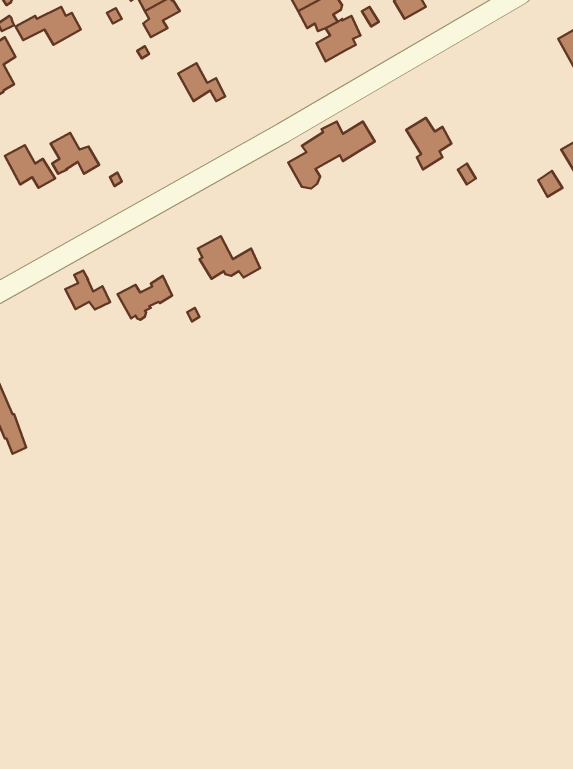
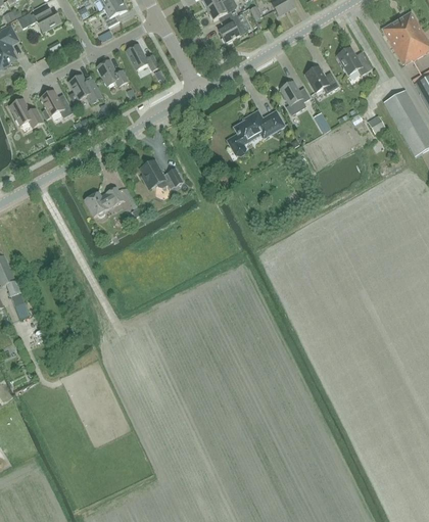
building: none -> [337,45,372,74]
building: none -> [97,59,129,86]
building: none -> [306,64,339,92]
building: none -> [69,74,102,102]
building: [288,122,375,188] -> [226,110,284,155]
building: [65,271,110,310] -> none

